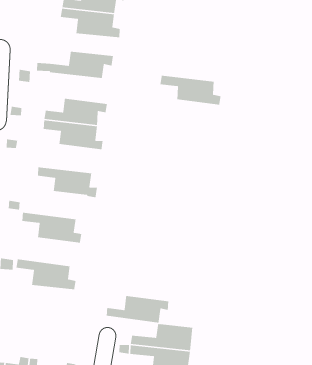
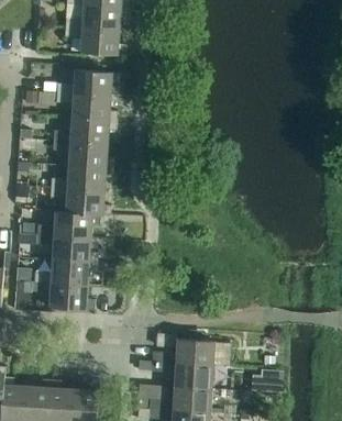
building: [160,75,221,106] -> [55,93,118,121]
building: none -> [49,165,113,191]
building: none -> [36,211,100,239]
building: [106,295,169,323] -> [34,259,97,286]

